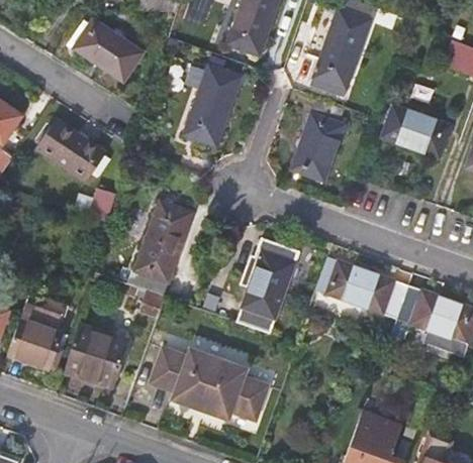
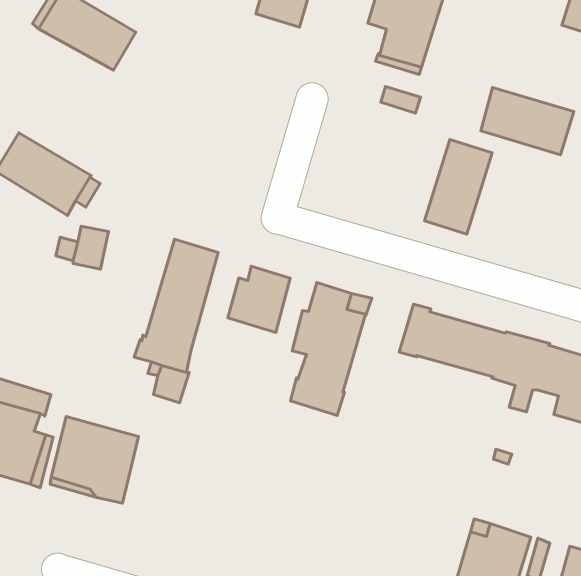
building: [184,67,240,147] -> none
building: [291,115,342,183] -> [425,140,492,234]
building: none -> [228,266,290,332]
building: [151,348,269,421] -> none

